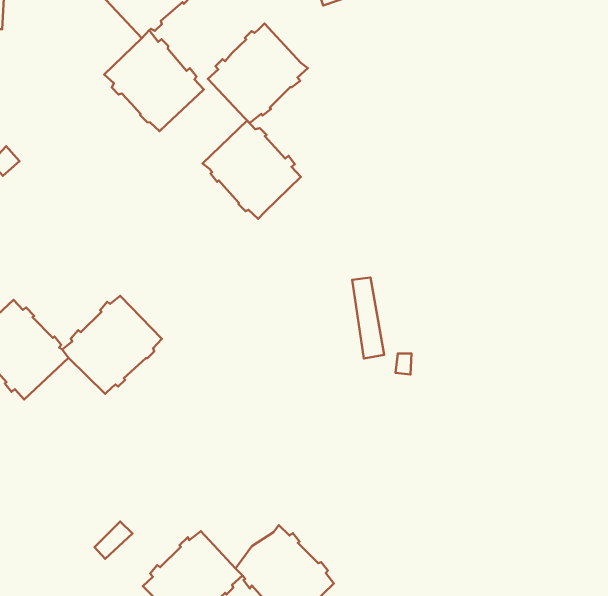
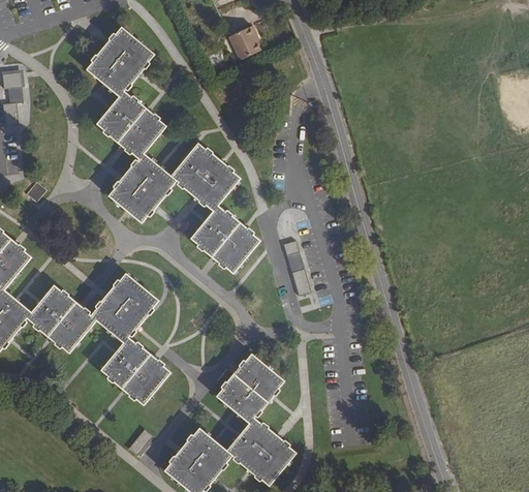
building: [208,24,308,123] -> [108,153,176,222]
building: none -> [190,205,259,273]
building: none -> [101,337,169,404]
building: none -> [216,353,283,423]

